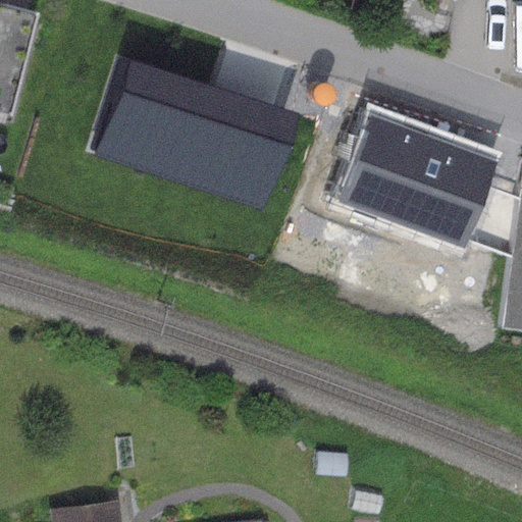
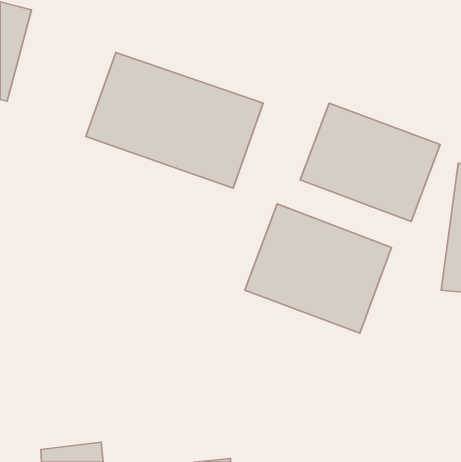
building: none -> [245,204,392,333]

